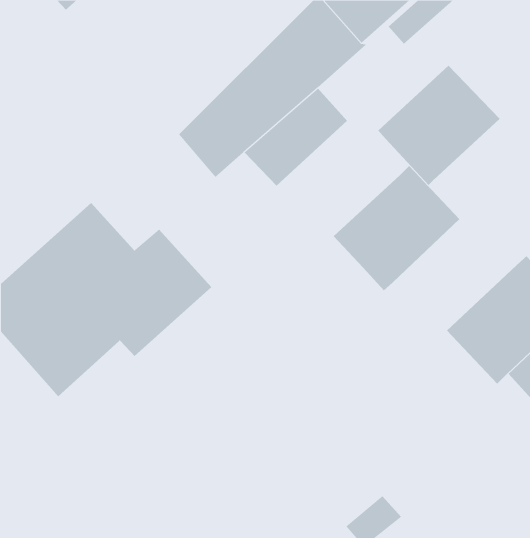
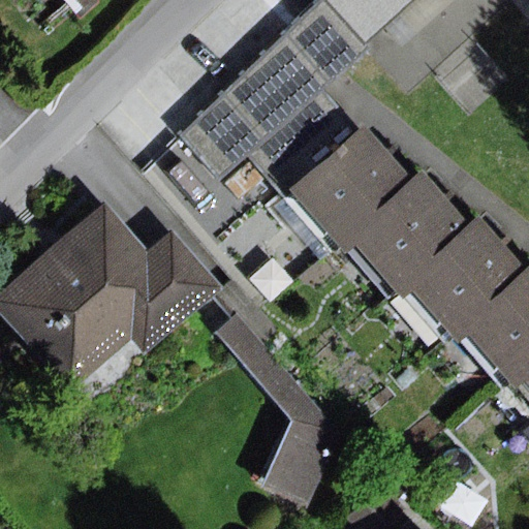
building: [378,65,501,186] -> [281,121,401,239]
building: none -> [395,211,515,330]
building: none -> [212,277,340,507]

